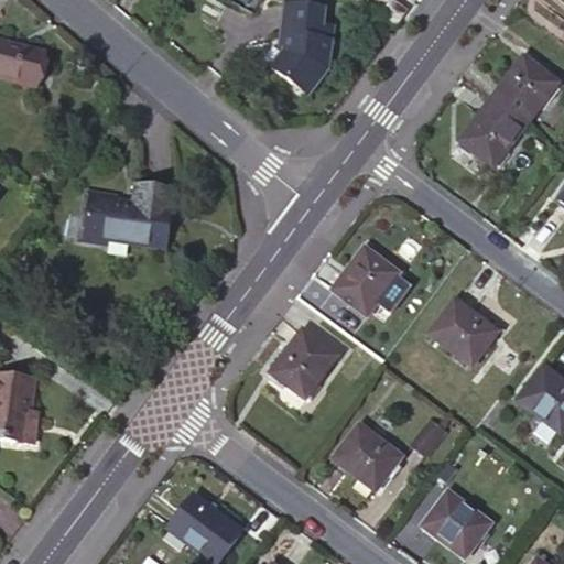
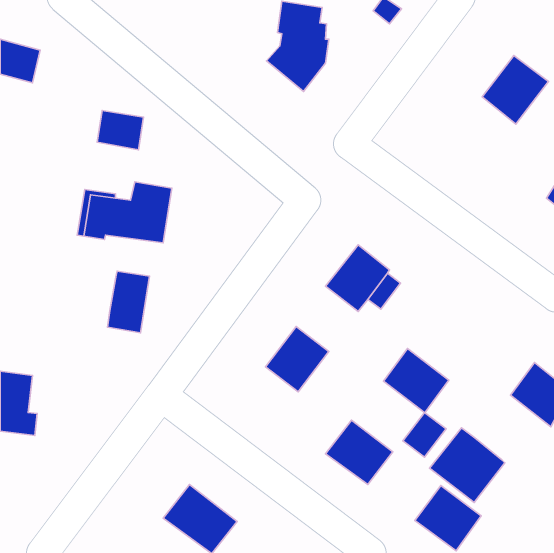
building: [458,98,524,166] -> none
building: none -> [97,111,143,150]
building: none -> [108,271,149,333]
building: [430,300,496,365] -> [383,349,449,413]
building: none -> [430,428,505,503]

